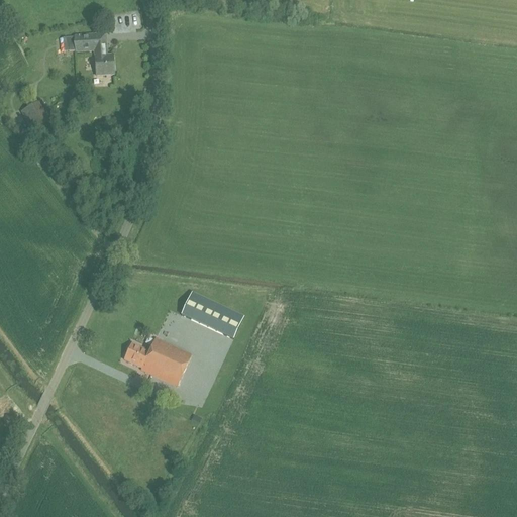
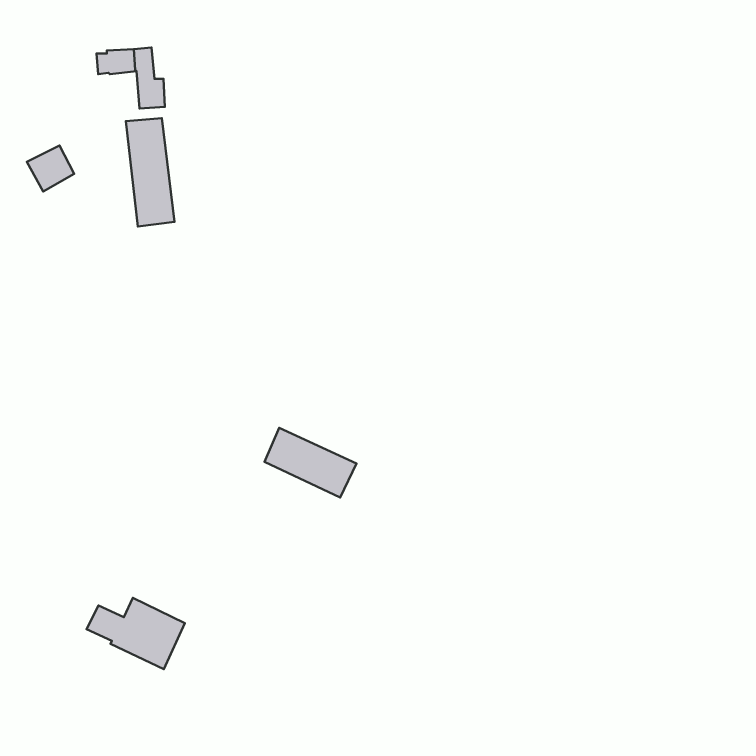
building: none -> [126,118,174,227]
building: [122,337,189,386] -> [87,598,185,669]

